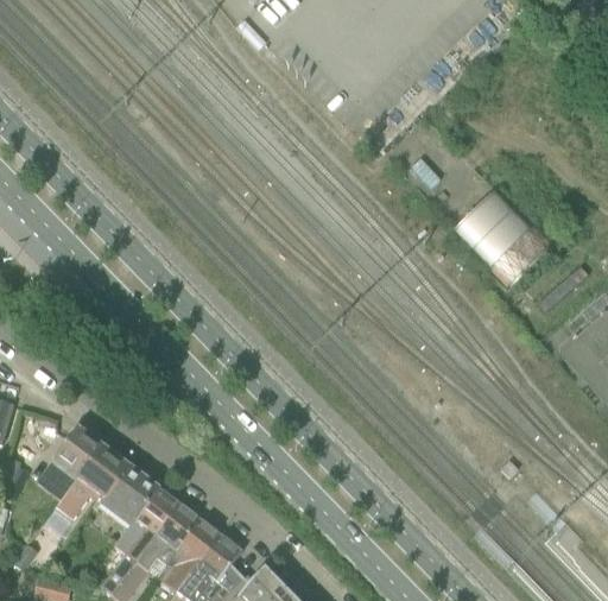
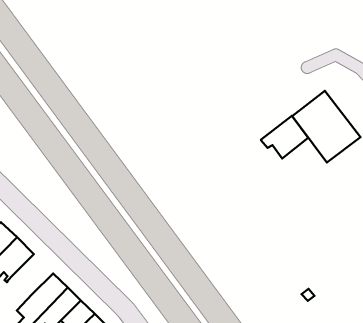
building: none -> [261,116,308,159]
building: [99,464,159,526] -> none

